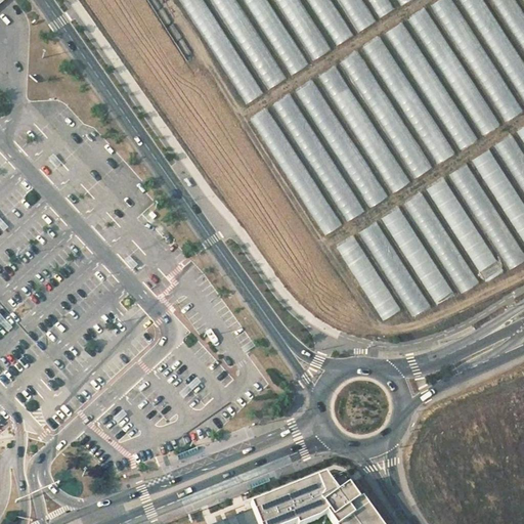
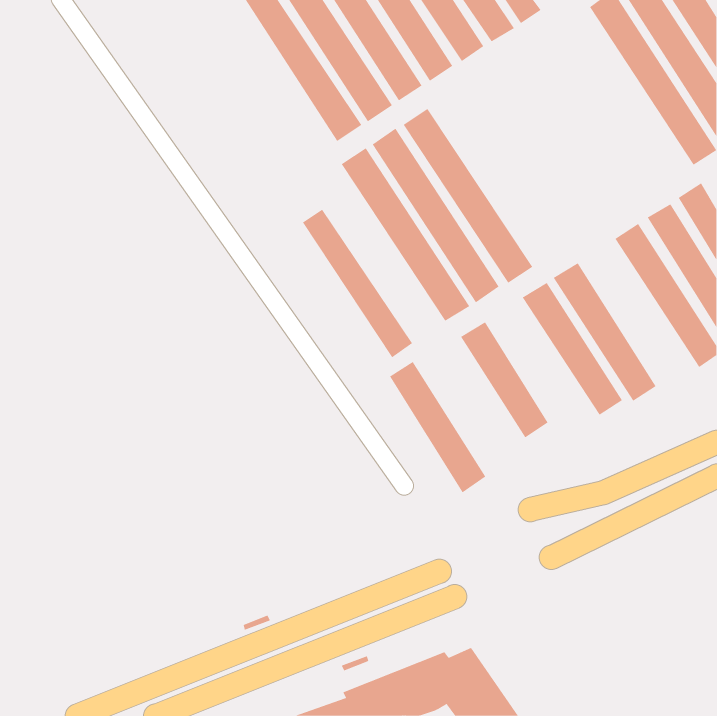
building: [407,6,500,134] -> none
building: [385,20,478,149] -> none
building: [361,35,455,163] -> none
building: [339,50,433,177] -> none
building: [317,64,410,192] -> none
building: none -> [302,209,413,358]
building: [426,177,504,281] -> none
building: [359,220,430,316] -> [389,361,486,493]

